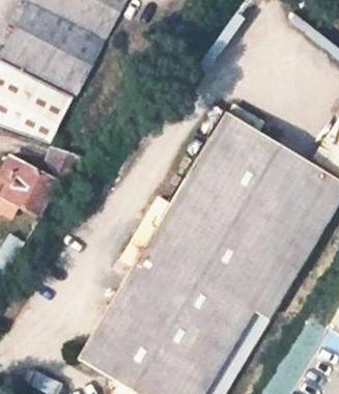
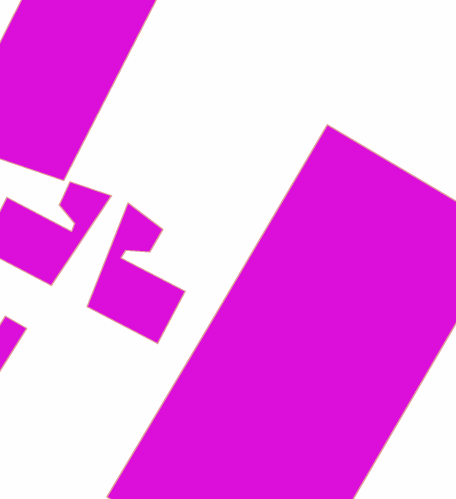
building: none -> [87,203,185,344]

